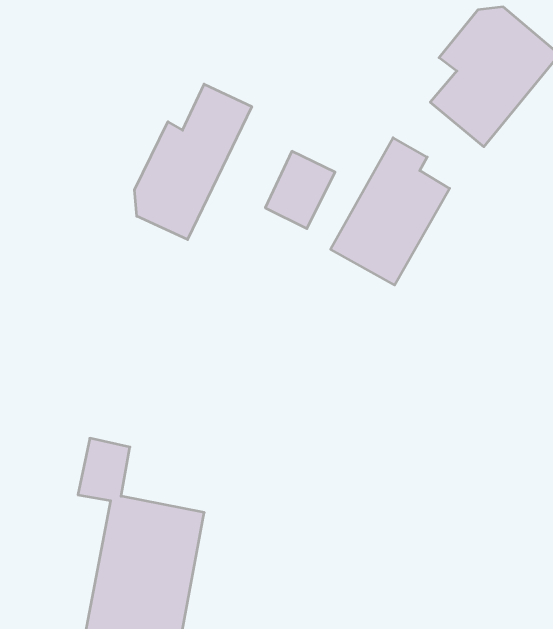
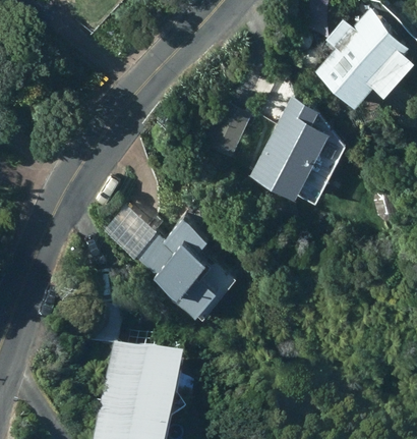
building: [135,84,252,240] -> none
building: none -> [111,217,223,319]

